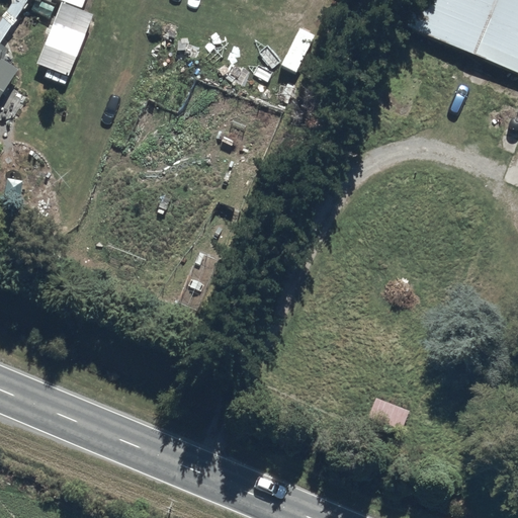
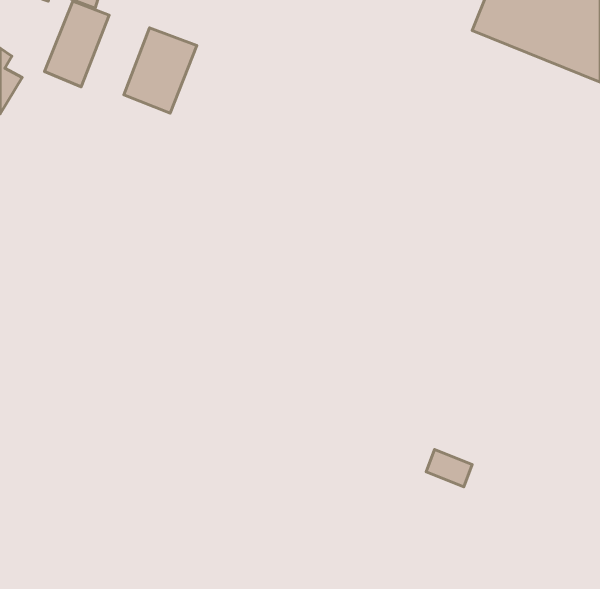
building: none -> [124,28,197,113]

